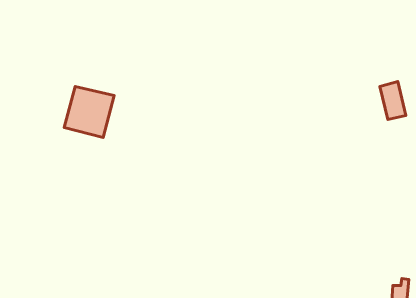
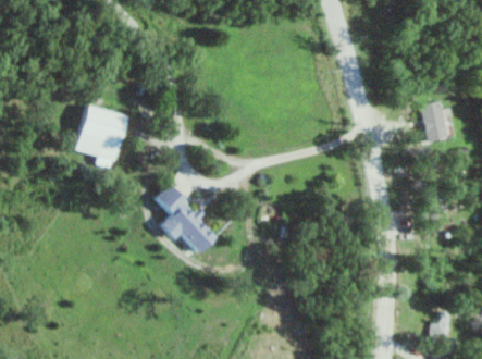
building: none -> [156,185,217,253]

